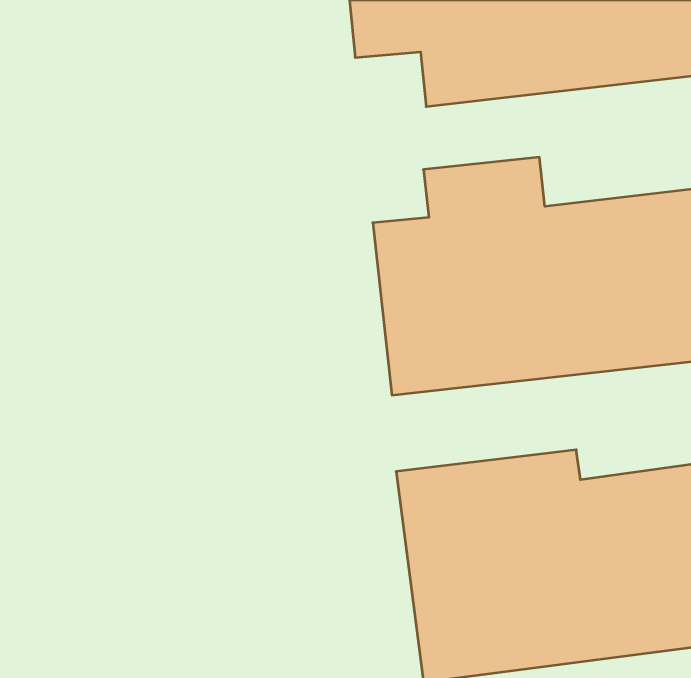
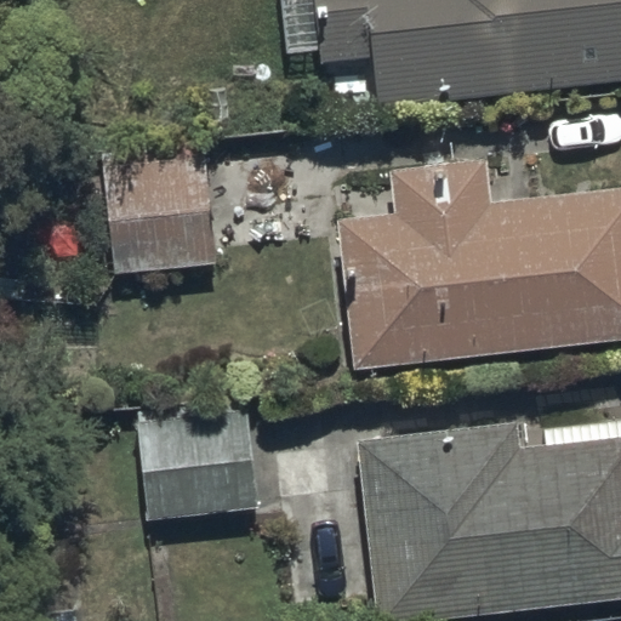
building: none -> [102,153,215,266]
building: none -> [135,408,261,528]

